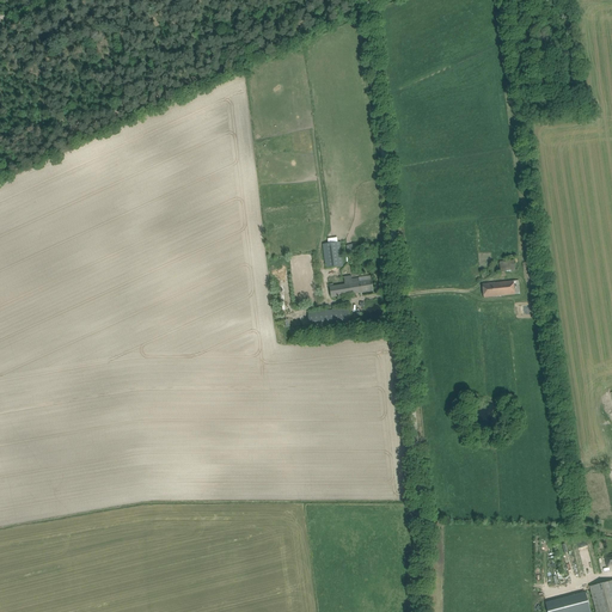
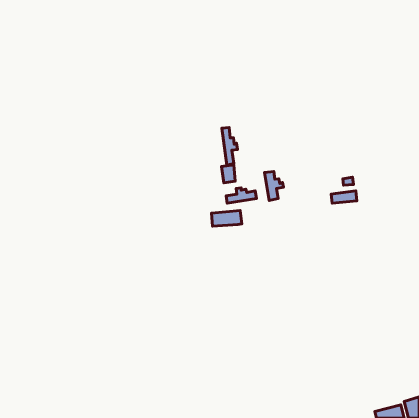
building: none -> [222,128,237,165]
building: none -> [265,171,283,201]

